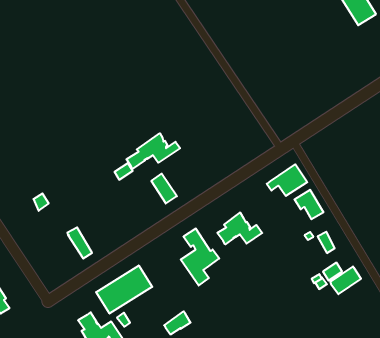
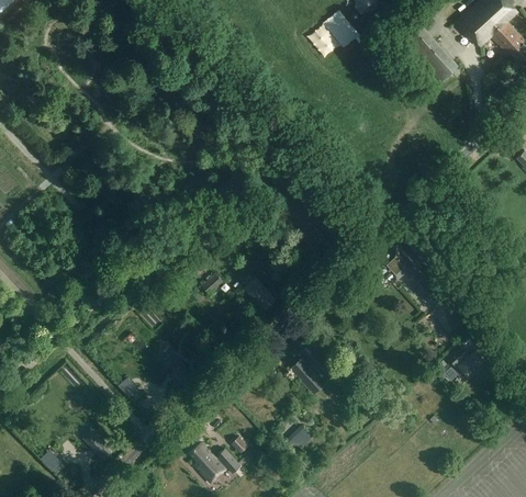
building: [126,133,180,169] -> none
building: [217,212,262,244] -> none
building: [96,265,152,314] -> none

